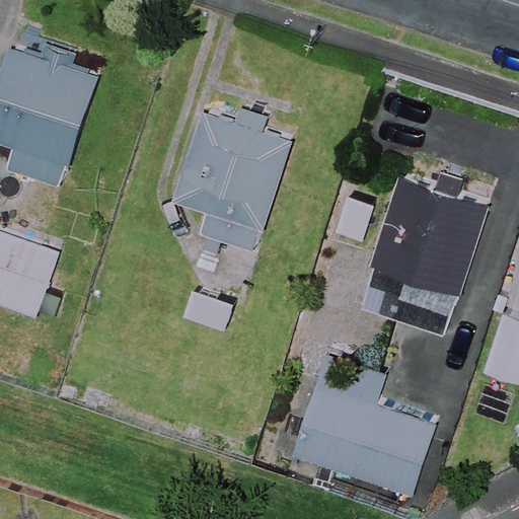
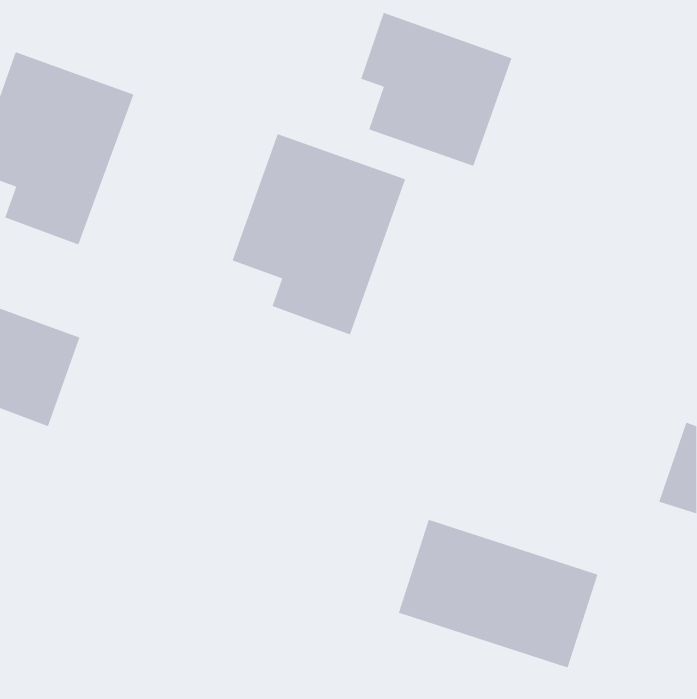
building: none -> [360,12,513,167]
building: [363,174,487,338] -> none

